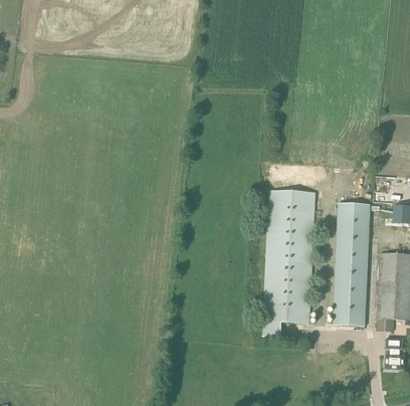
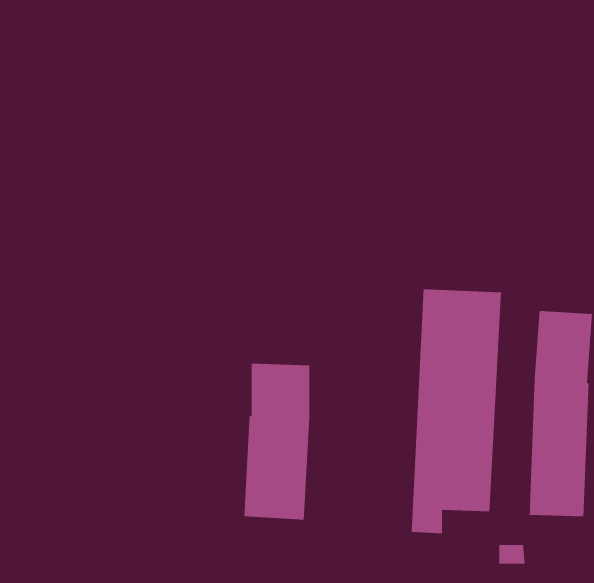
building: none -> [243,363,310,520]

